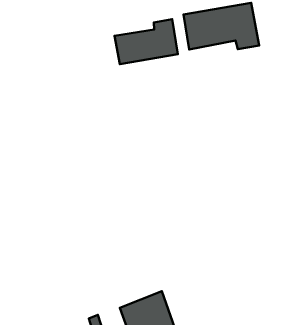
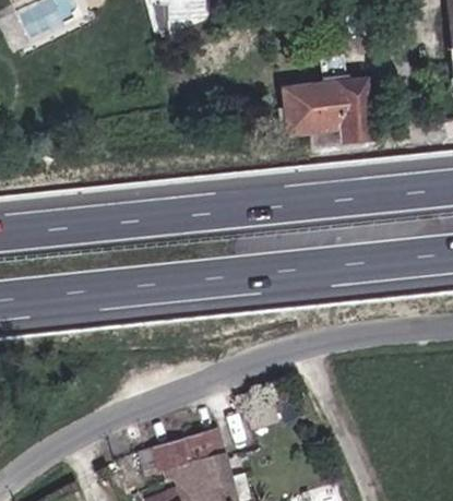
building: [114,19,178,64] -> none

